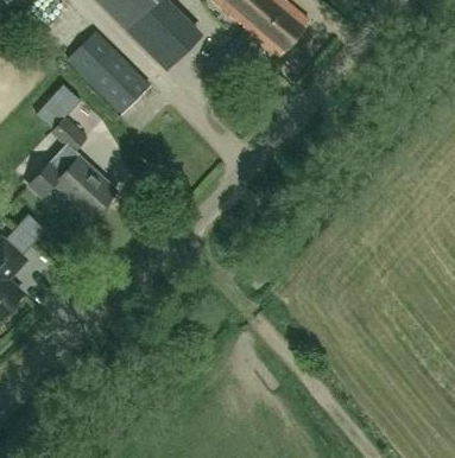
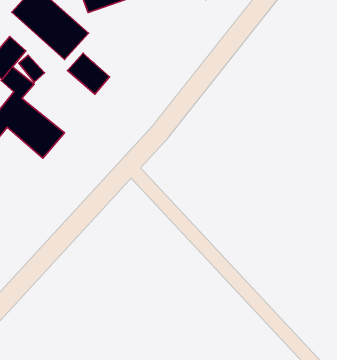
building: none -> [67,53,109,94]

